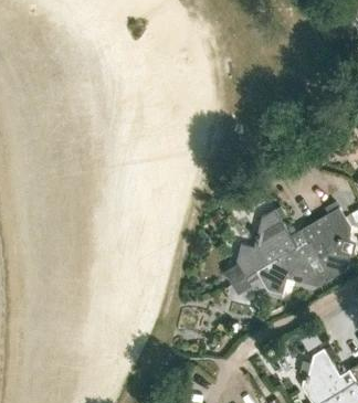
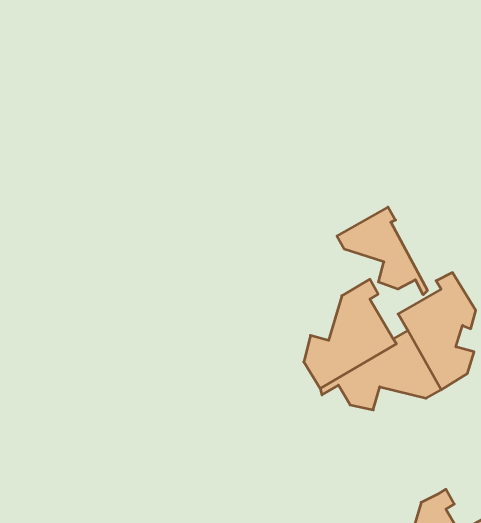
building: none -> [337,207,427,295]

